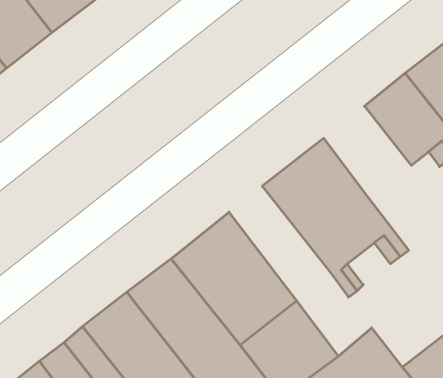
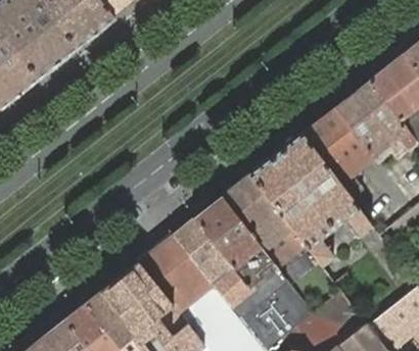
building: none -> [300,109,373,186]
building: none -> [222,176,307,270]

